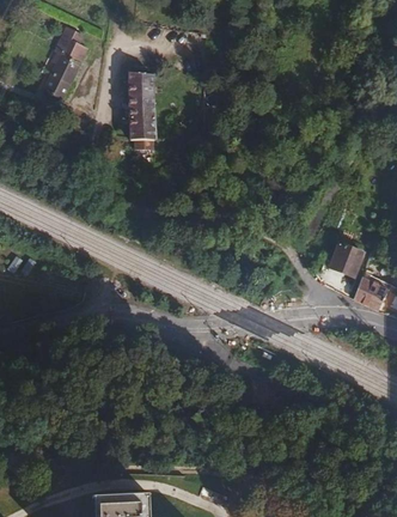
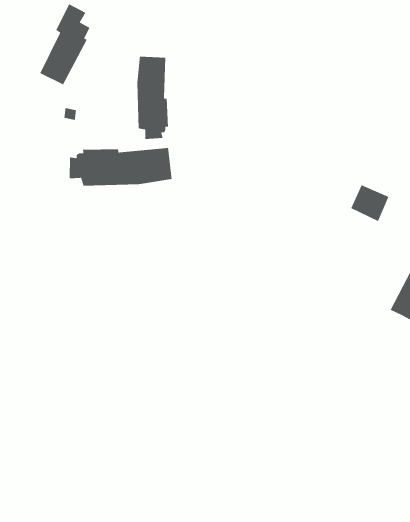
building: none -> [69,147,172,186]
building: [326,242,361,275] -> [350,184,389,222]

